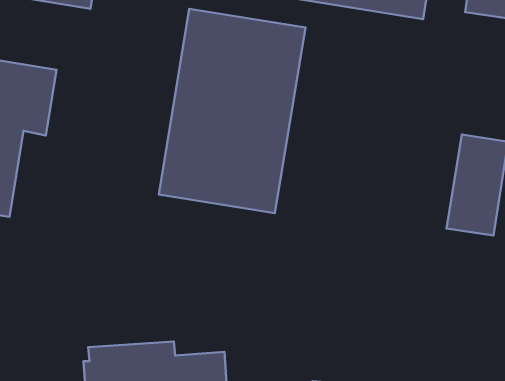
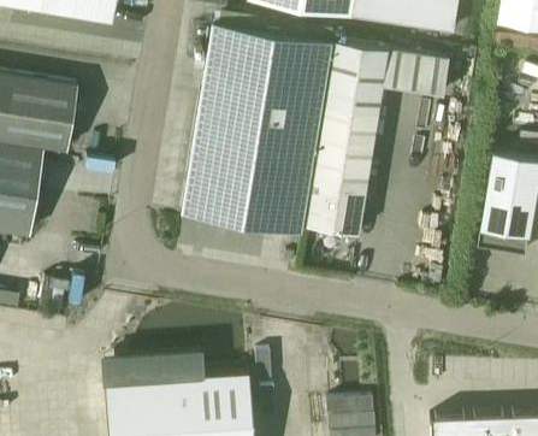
building: none -> [302,41,448,234]

